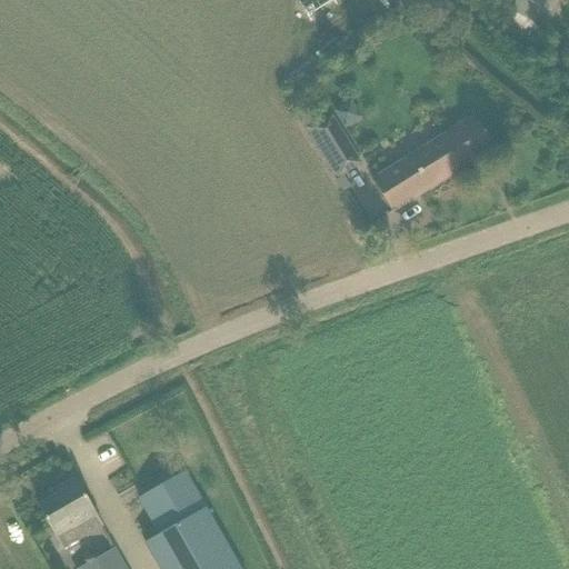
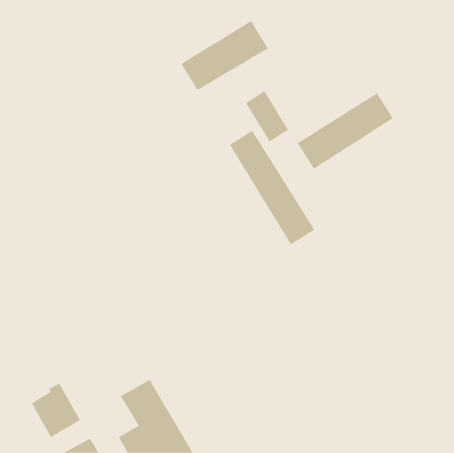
building: none -> [181,20,269,91]
building: none -> [229,130,315,245]

